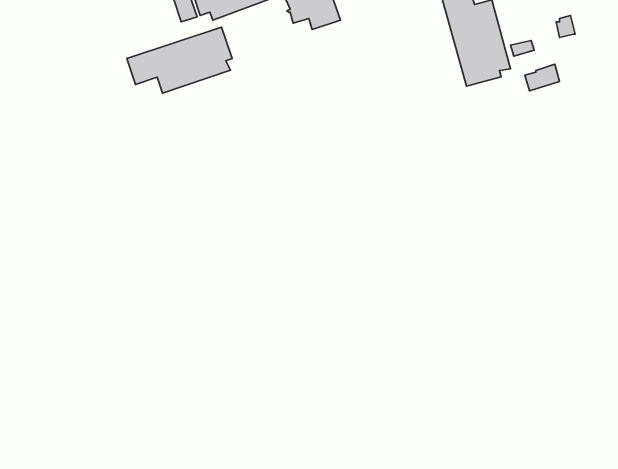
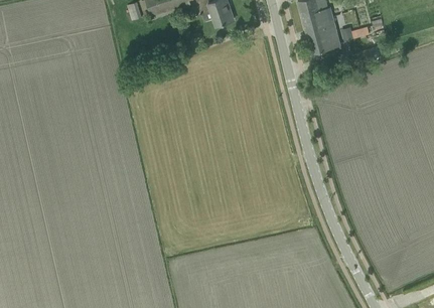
building: [127,27,232,93] -> none

